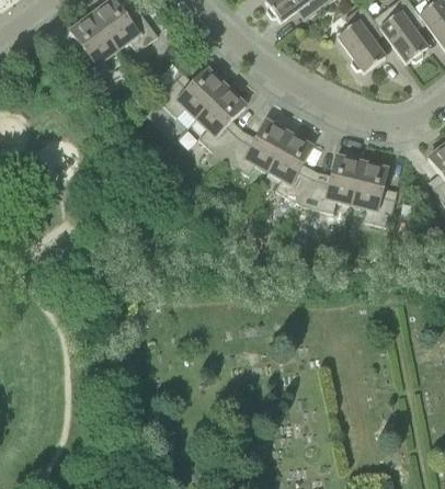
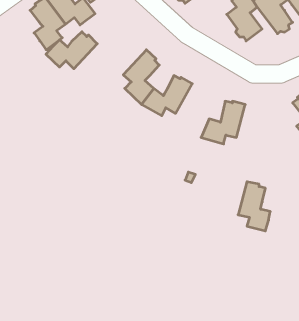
building: [158,67,228,117] -> [46,32,97,69]
building: [267,129,313,203] -> none
building: [351,158,395,225] -> [238,182,270,231]

